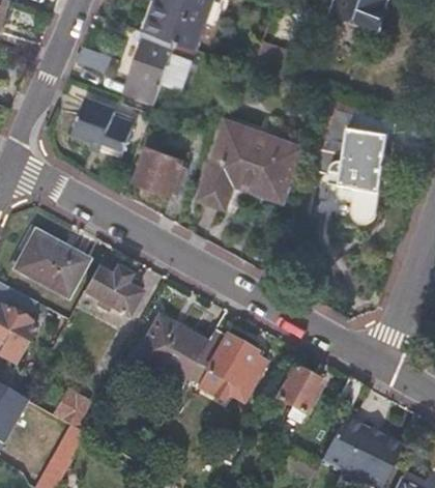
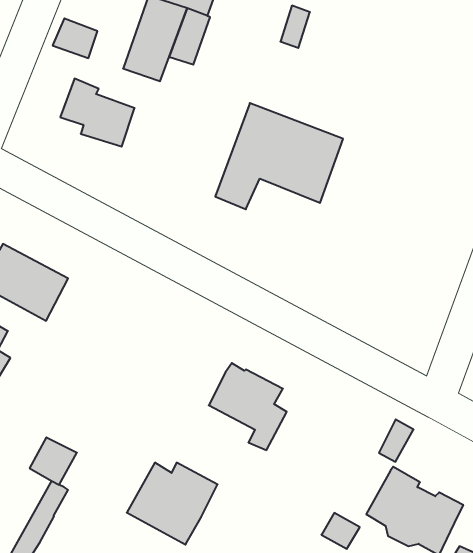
building: [334,126,384,246] -> none
building: [136,138,190,196] -> none
building: [82,259,140,316] -> none
building: [136,320,209,386] -> [127,463,218,545]
building: [277,367,322,424] -> none

